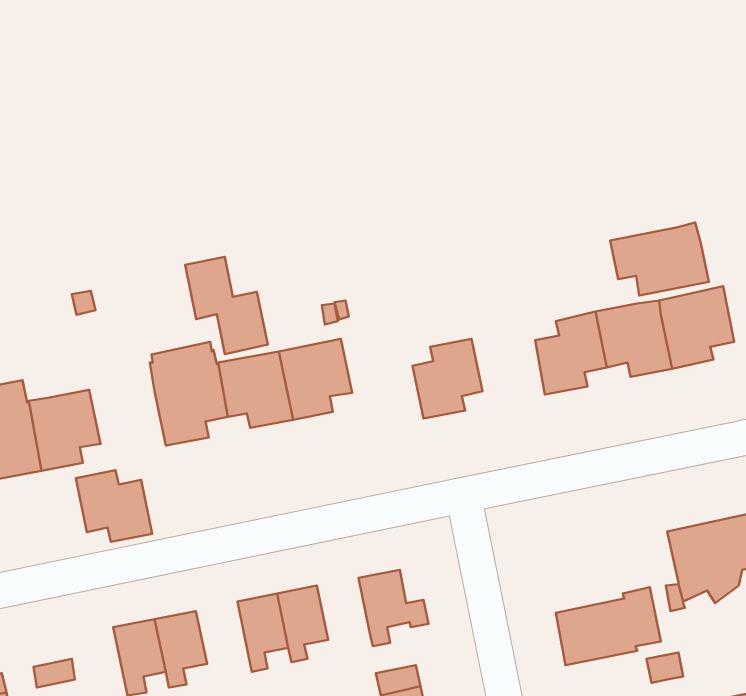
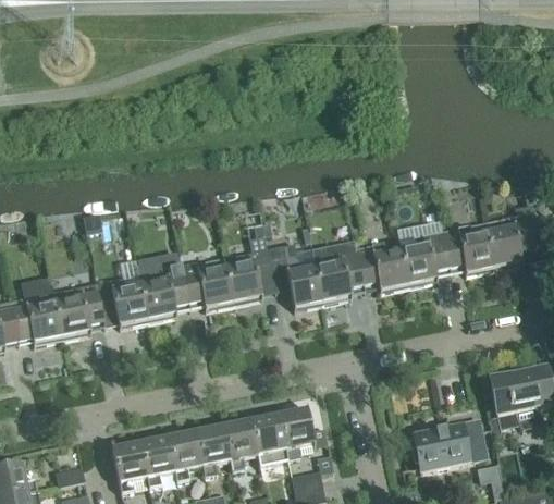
building: [610,223,709,296] -> none
building: [185,257,268,354] -> [267,244,323,310]
building: none -> [356,243,406,294]
building: [76,470,152,542] -> [95,279,147,328]
building: none -> [250,413,288,465]
building: none -> [168,429,204,481]

